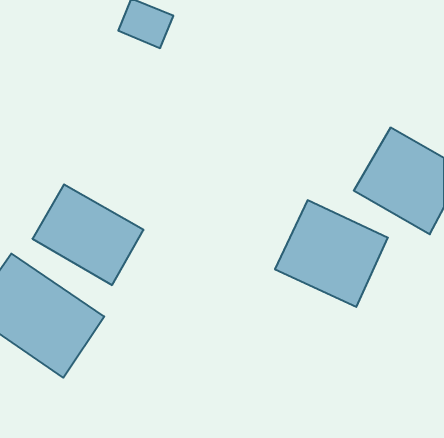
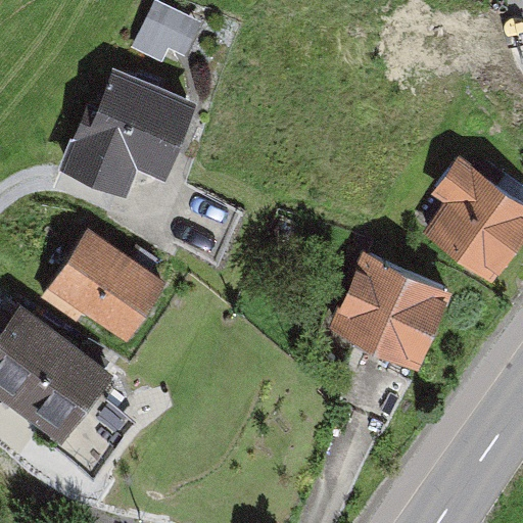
building: none -> [63,73,201,193]

